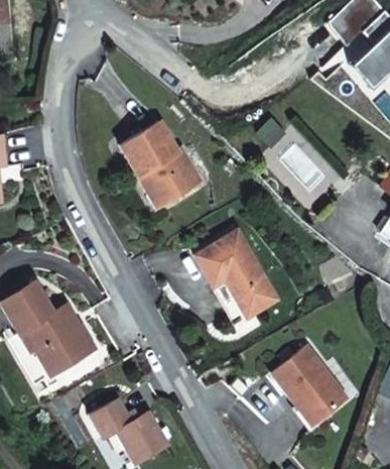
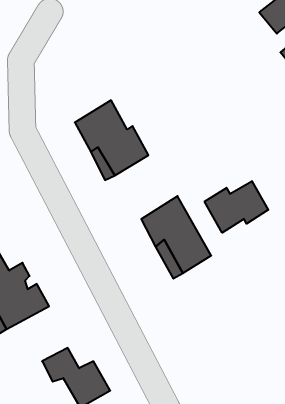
building: none -> [205,181,268,233]
building: [277,345,351,423] -> none

